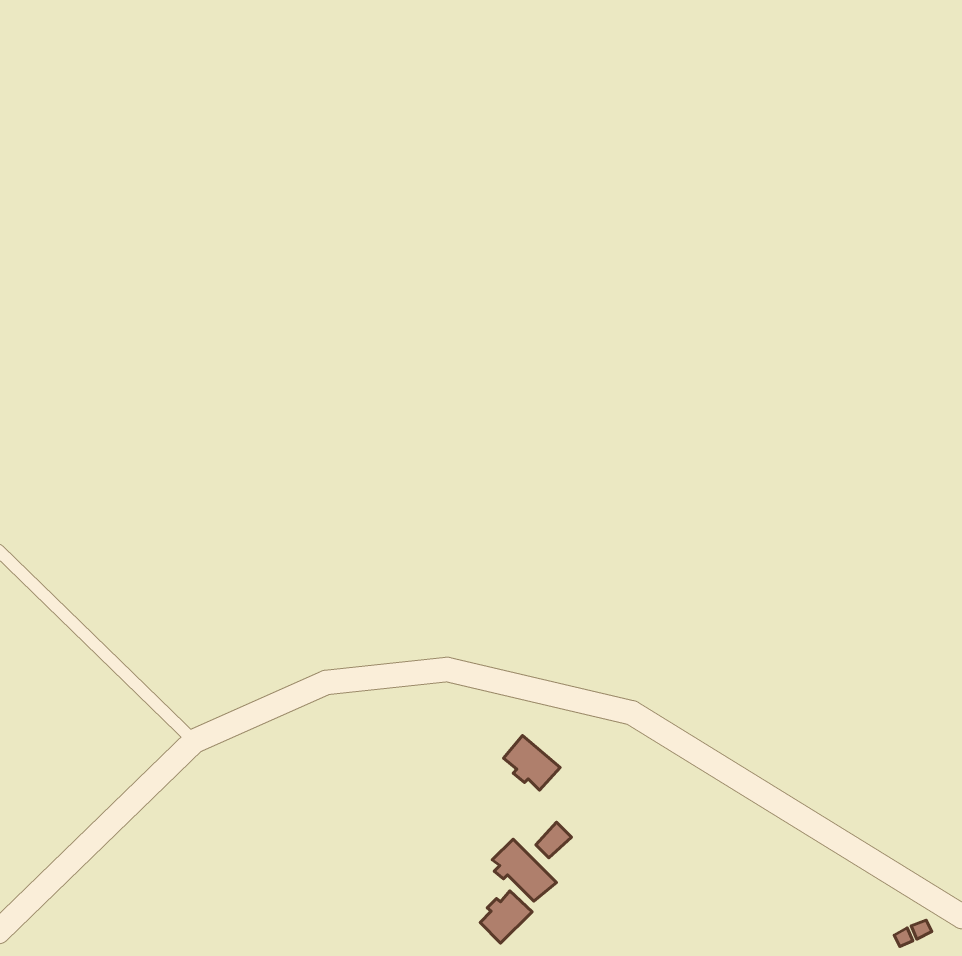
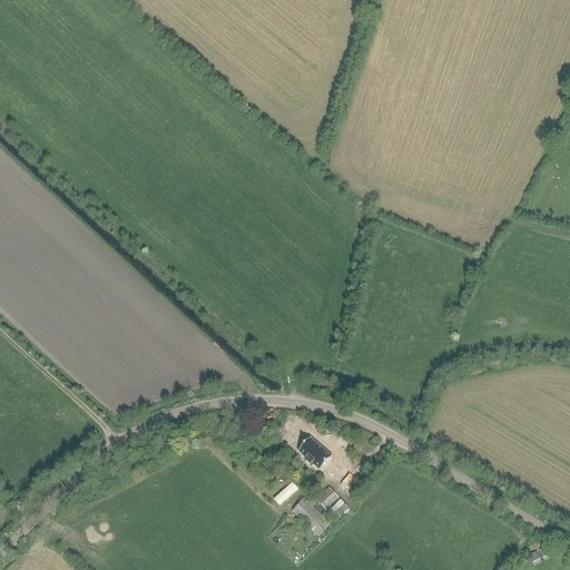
building: [480,891,532,943] -> none

